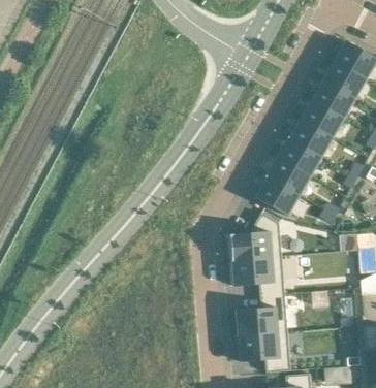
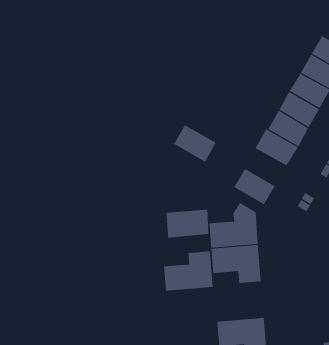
building: [264,157,310,196] -> [172,125,216,163]
building: none -> [166,209,209,238]
building: [236,294,287,335] -> [163,251,214,291]

